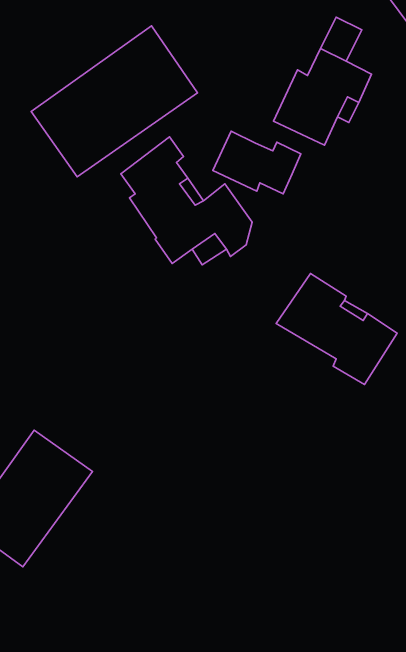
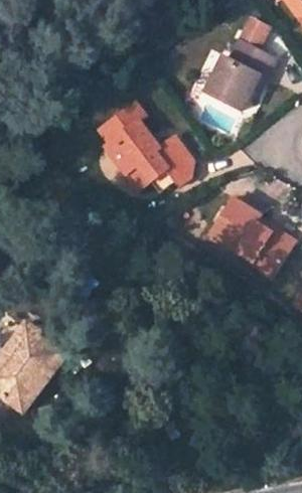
building: [31,26,198,177] -> none
building: [213,131,301,194] -> none

